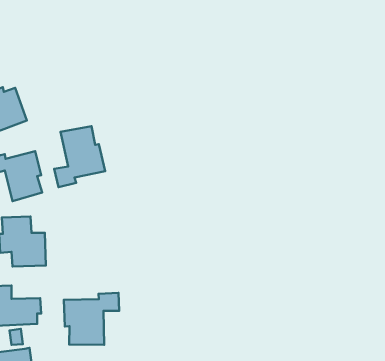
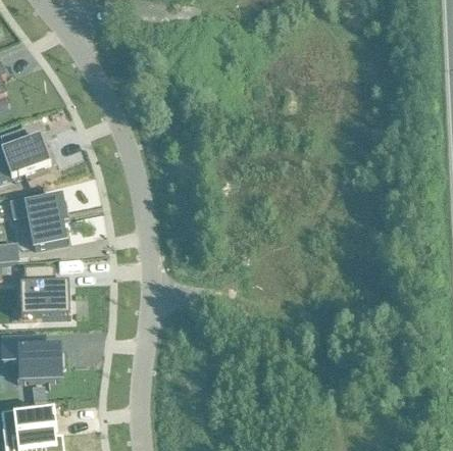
building: [54,126,105,187] -> none
building: [64,293,119,345] -> none

